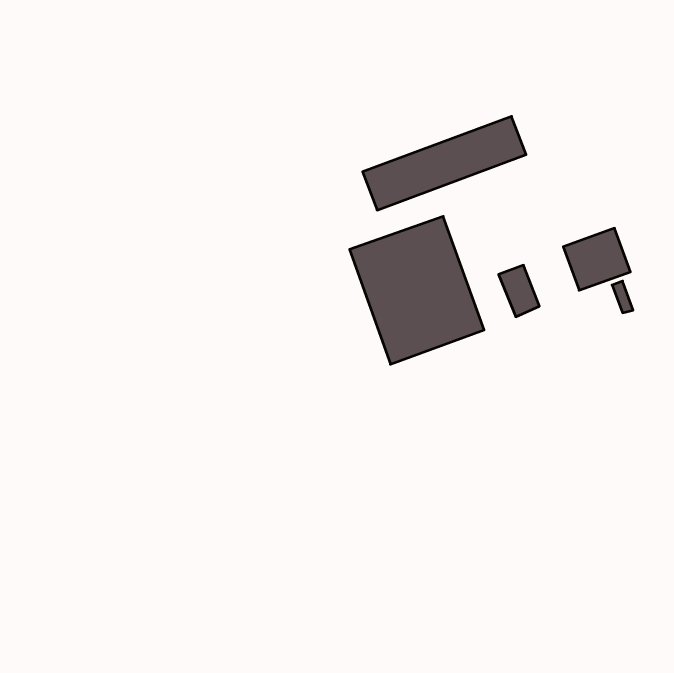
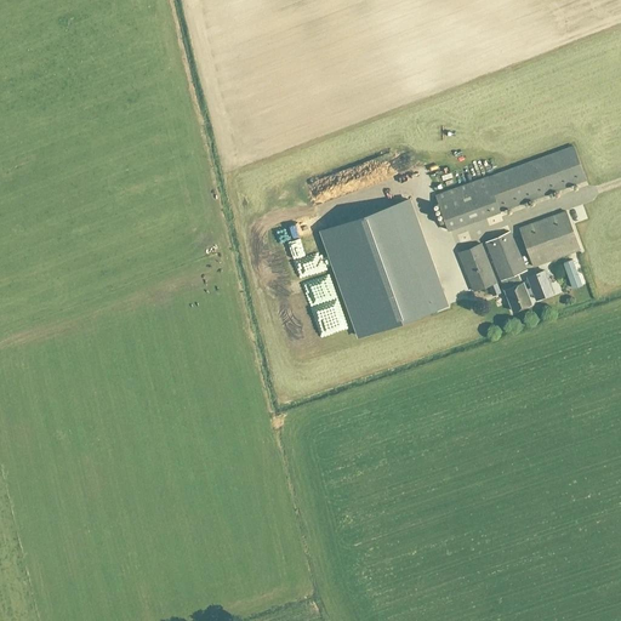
building: [363,116,526,210] -> [435,144,586,230]
building: none -> [485,230,553,310]

